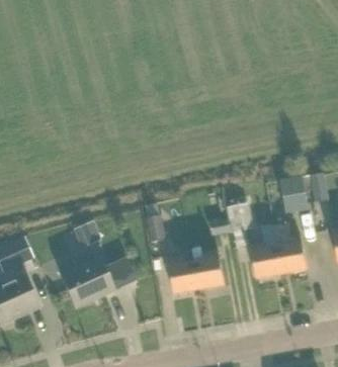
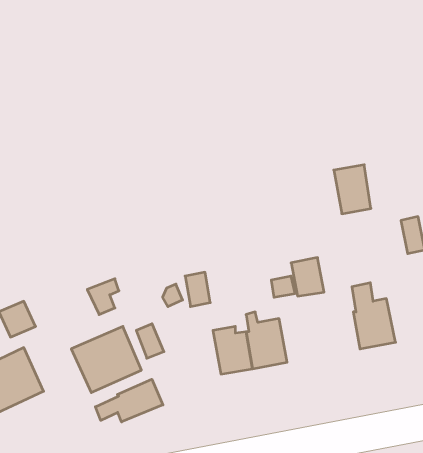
building: [280,174,309,211] -> [334,165,371,214]
building: [250,224,280,276] -> none
building: none -> [95,379,163,422]

